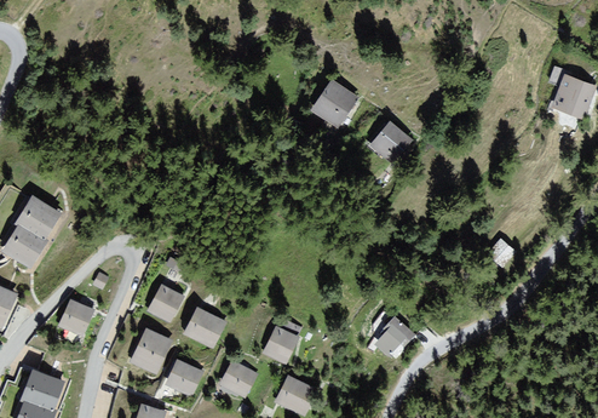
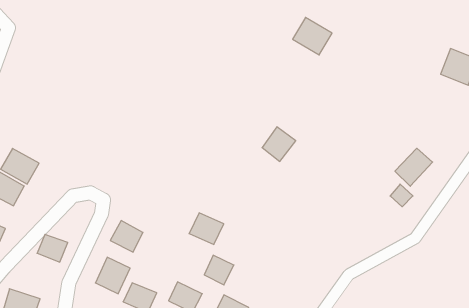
building: [312,80,361,126] -> [293,17,332,55]
building: [370,121,412,164] -> [262,127,296,161]
building: none -> [395,148,433,186]
building: [184,309,226,348] -> [189,213,224,244]
building: [373,320,410,359] -> none

